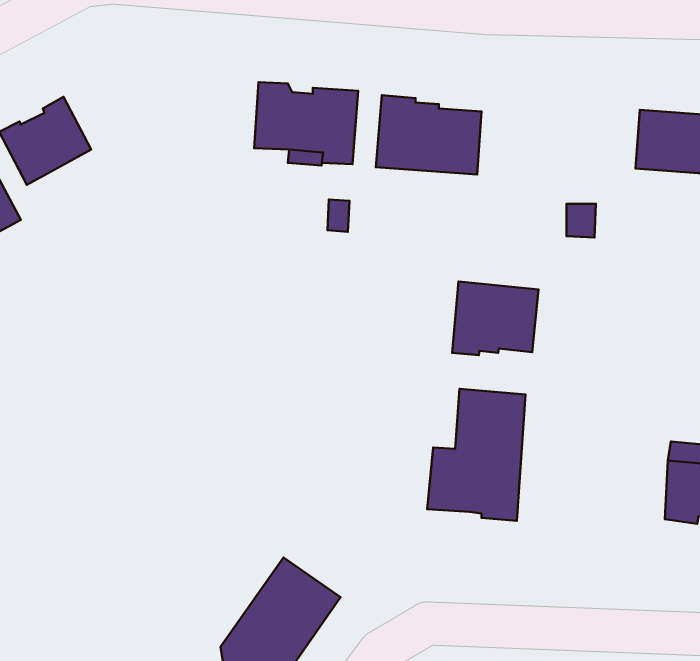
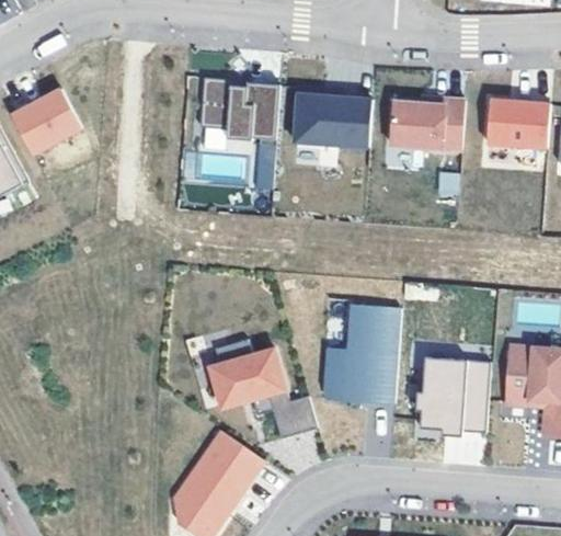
building: none -> [388,98,462,149]
building: [452,281,538,355] -> none
building: none -> [210,341,318,440]
building: none -> [412,354,486,433]

